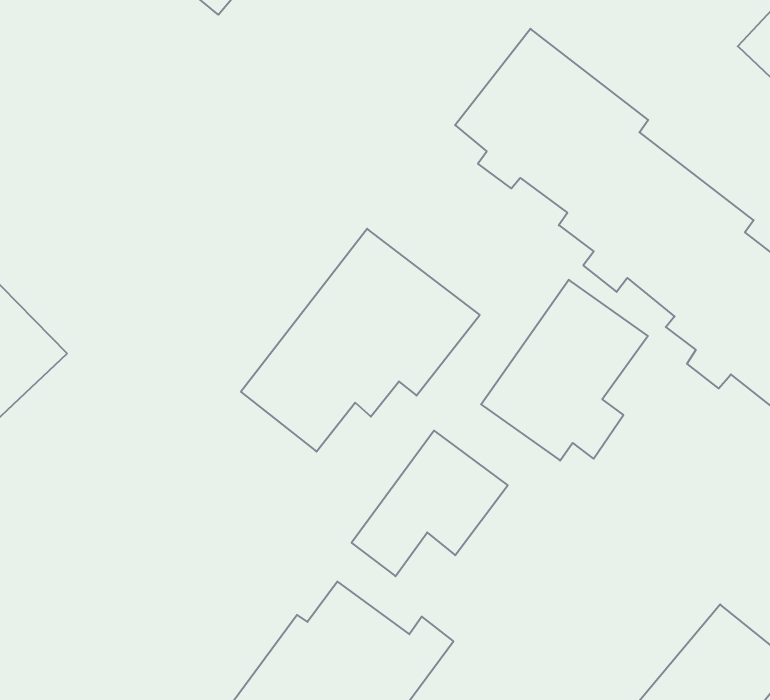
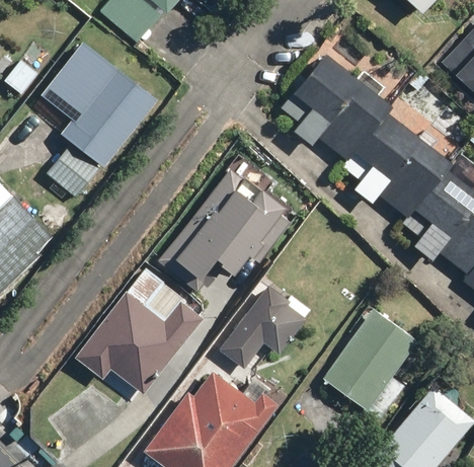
building: none -> [34,65,150,201]
building: [481,280,648,461] -> [322,306,418,410]
building: none -> [74,265,207,395]

